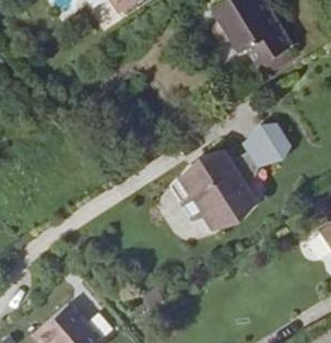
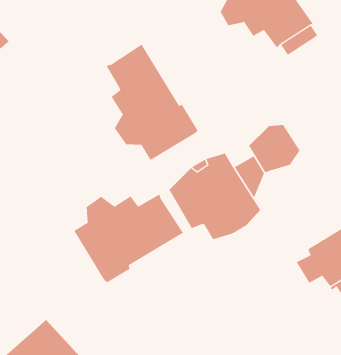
building: none -> [106,43,198,161]
building: none -> [73,194,184,283]

